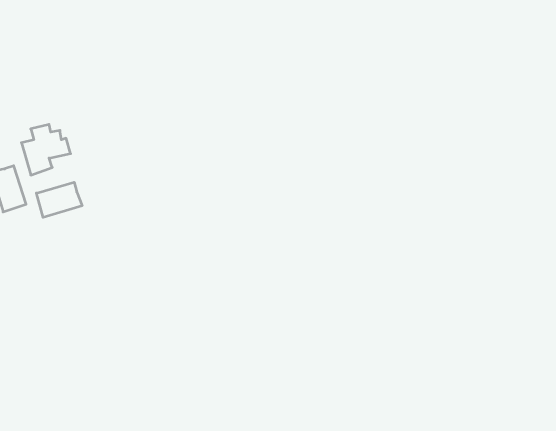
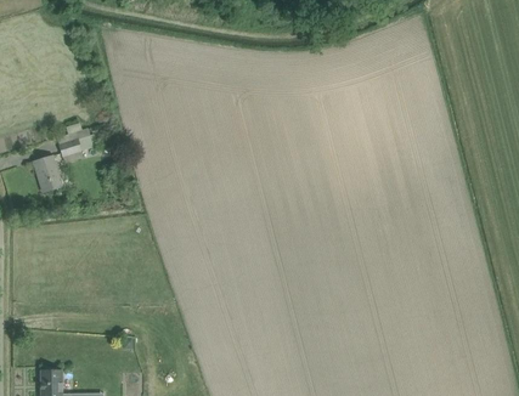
building: [36,182,82,217] -> none

